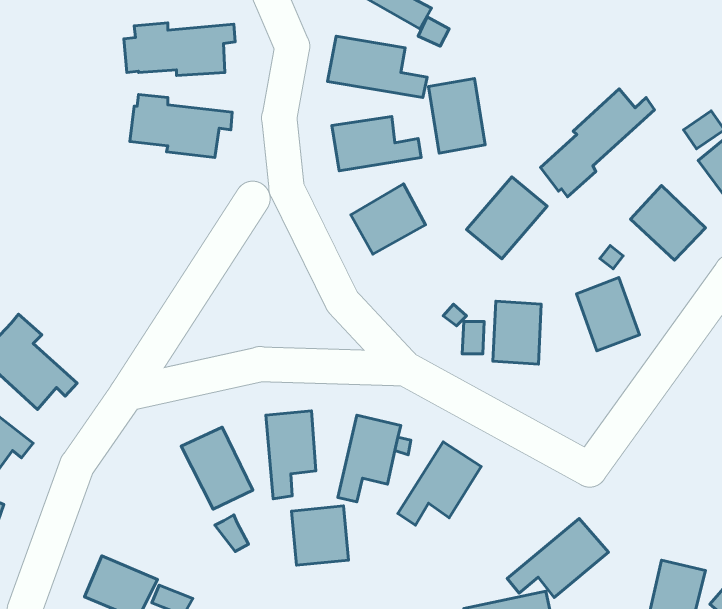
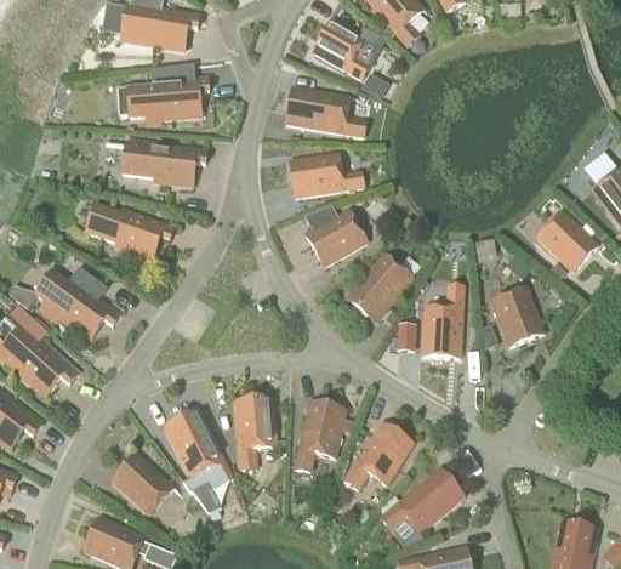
building: [428,78,485,153] -> none
building: [541,89,655,197] -> none
building: [467,177,547,259] -> [346,252,412,320]
building: none -> [86,203,173,258]
building: none -> [32,264,114,338]
building: none -> [112,453,173,513]
building: [292,506,348,565] -> none
building: [507,519,608,598] -> [380,467,463,533]

